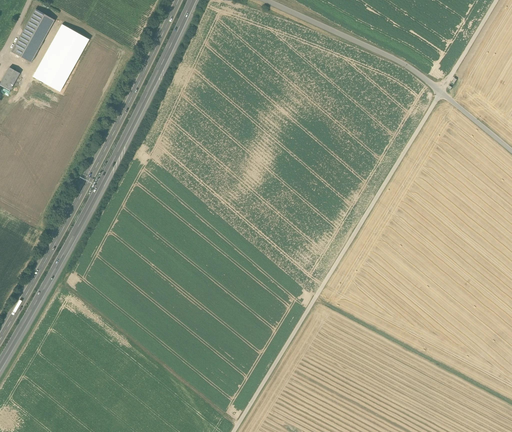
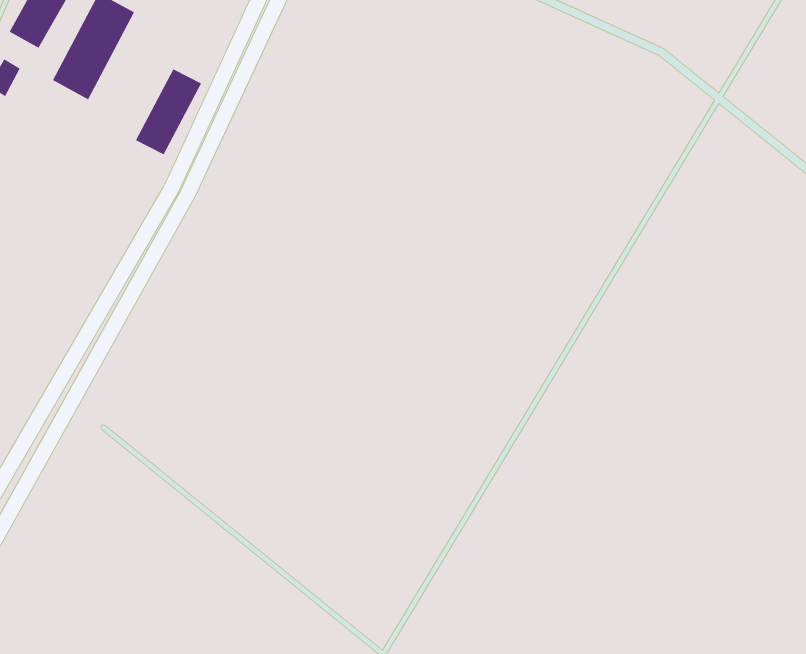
building: none -> [135,68,202,155]

